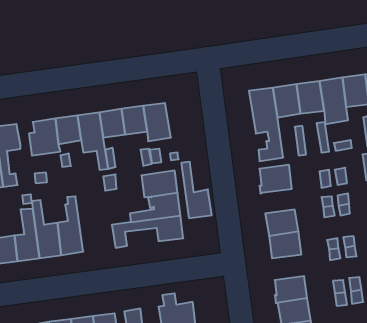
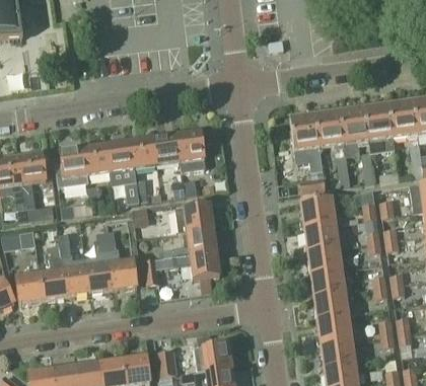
building: [181,162,212,218] -> [104,229,137,289]
building: none -> [303,222,338,248]
building: none -> [313,292,348,319]

